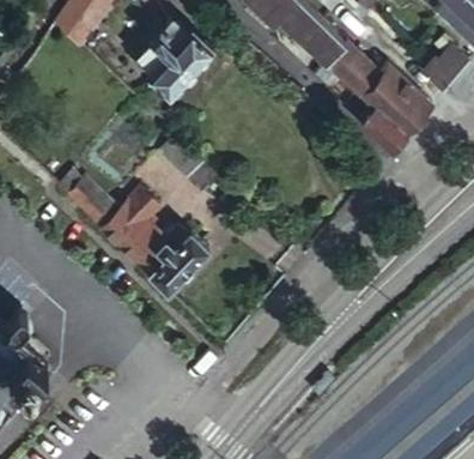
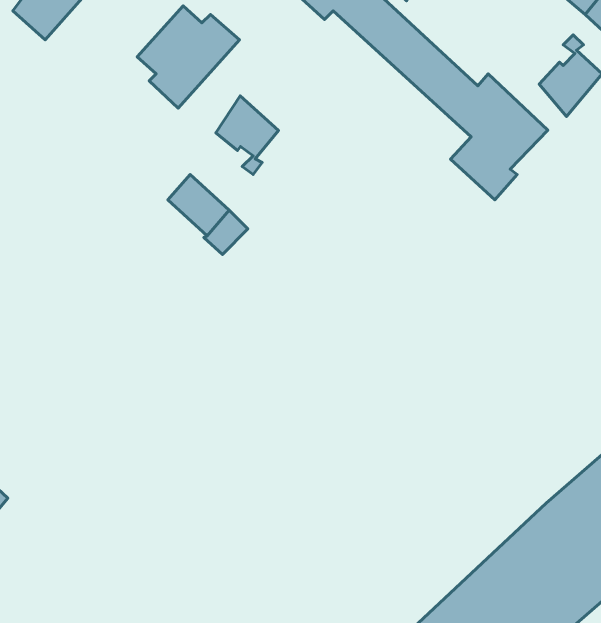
building: none -> [216,96,278,175]
building: [69,179,209,294] -> none

